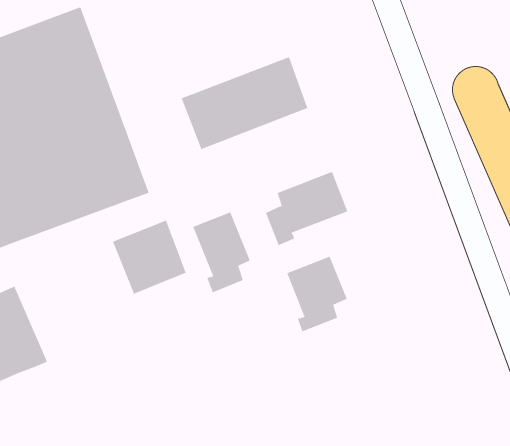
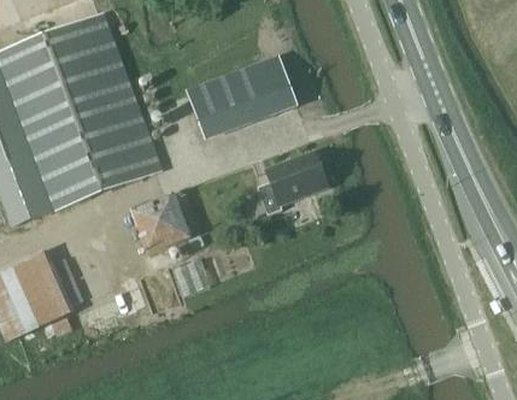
building: [193,211,250,293] -> none
building: [286,256,347,332] -> none

